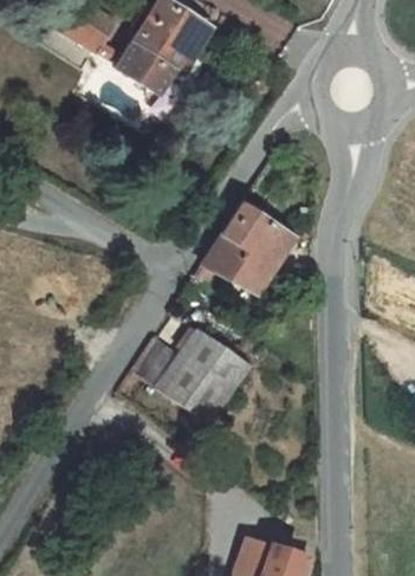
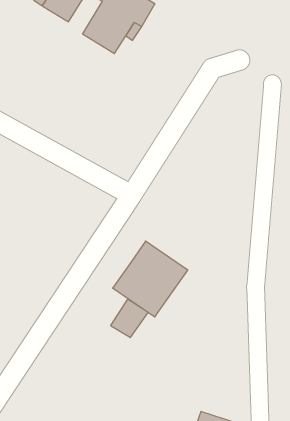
building: [196,205,291,292] -> none
building: [131,336,179,384] -> [111,299,148,338]

